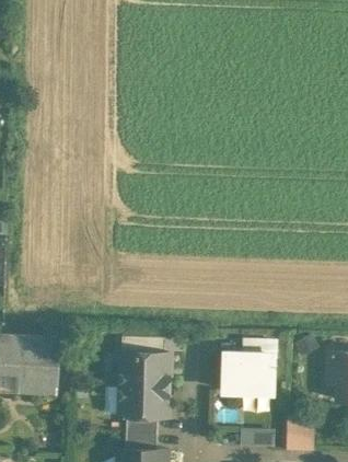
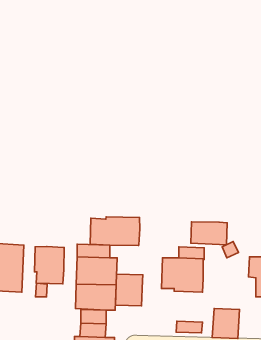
building: none -> [90,217,140,246]
building: none -> [191,222,227,245]
building: none -> [35,247,64,284]
building: none -> [115,274,143,306]

